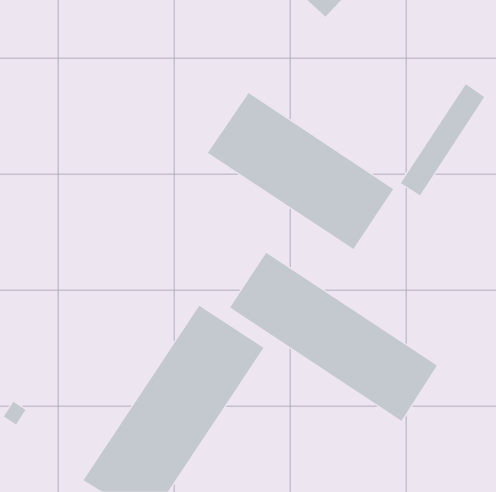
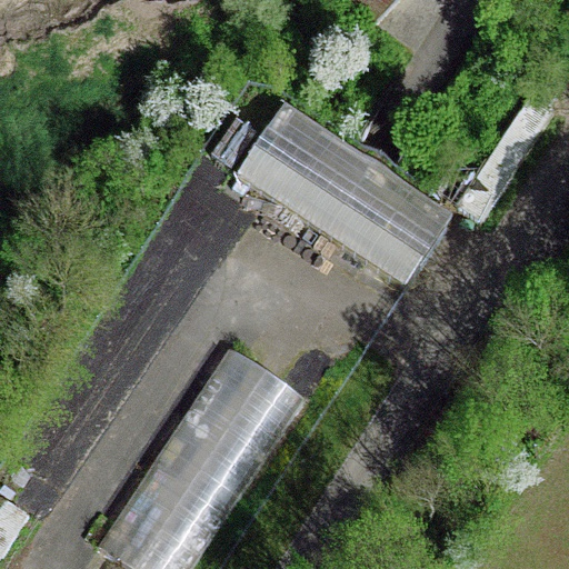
building: [229,252,438,422] -> none

